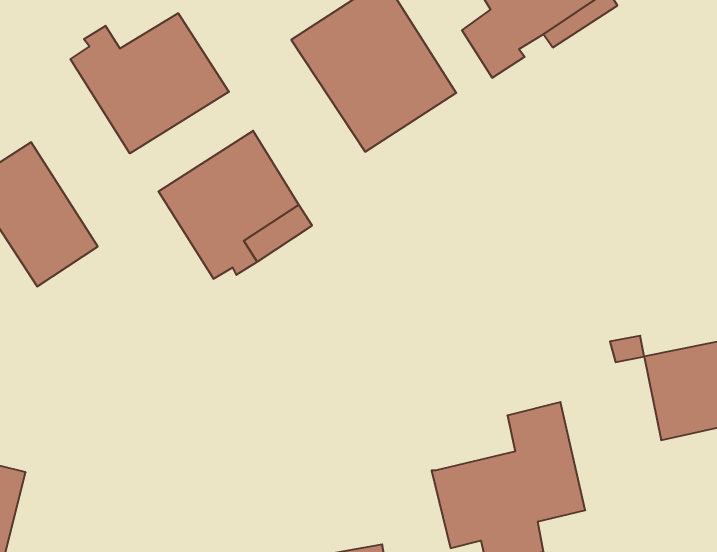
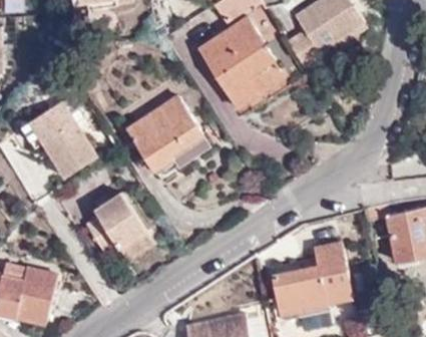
building: [70,13,229,153] -> none
building: none -> [84,193,152,262]

